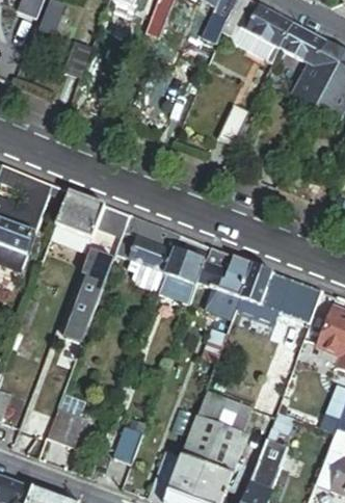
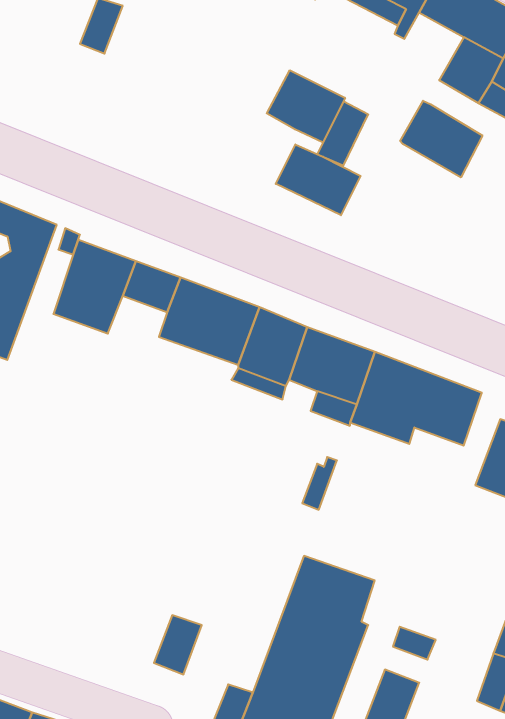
building: none -> [267,70,345,142]
building: none -> [400,101,482,177]
building: none -> [276,144,361,215]
building: [70,253,112,332] -> none
building: [47,409,87,450] -> none

